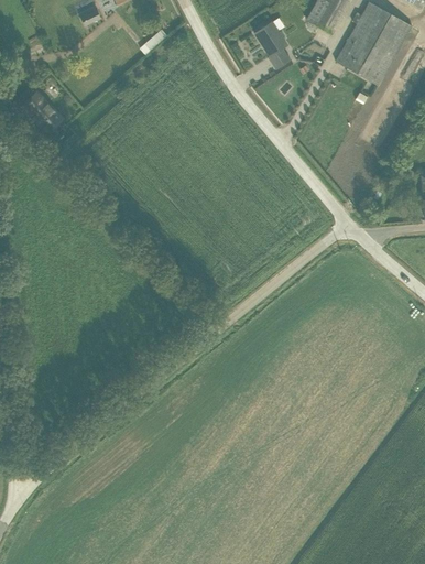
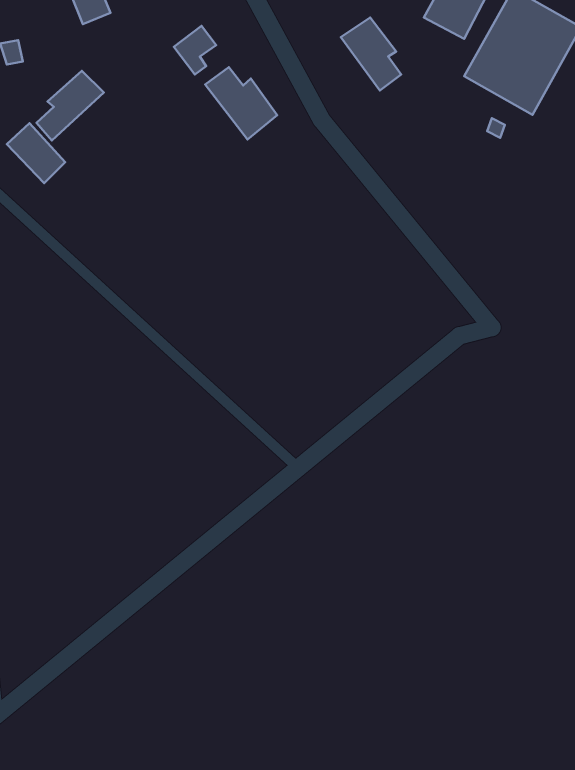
building: none -> [205,67,277,140]
building: none -> [37,71,104,141]

